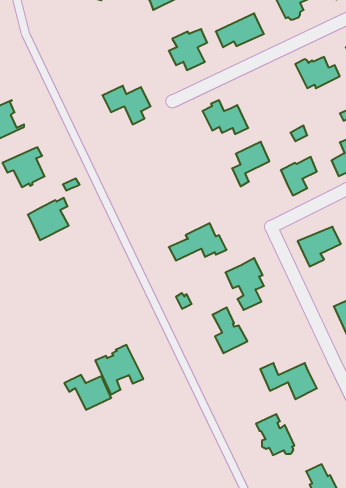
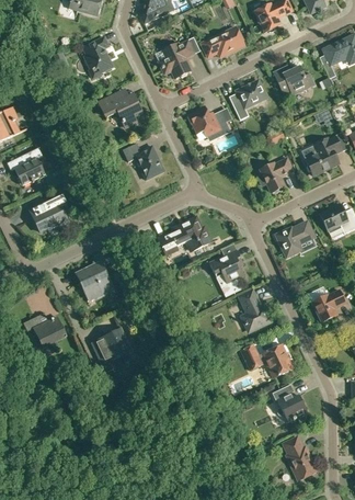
building: none -> [82,36,112,78]
building: none -> [122,141,163,179]
building: [232,142,269,186] -> [232,79,266,120]
building: none -> [77,252,113,300]
building: [212,308,247,353] -> [239,289,271,331]
building: [64,375,111,410] -> [23,316,66,348]
building: [256,414,294,455] -> [272,384,307,421]

